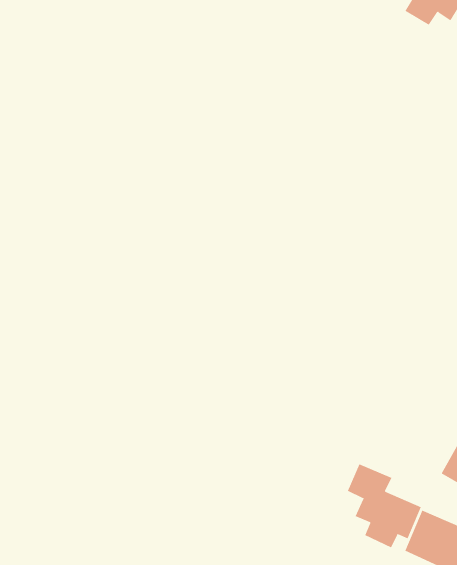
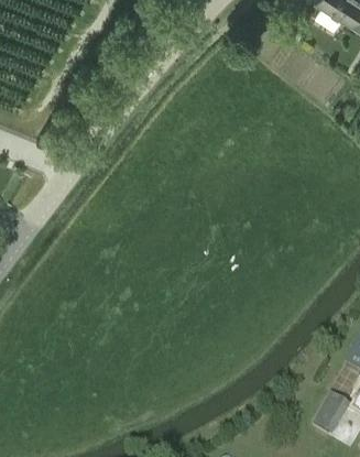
building: [347,463,422,548] -> none

